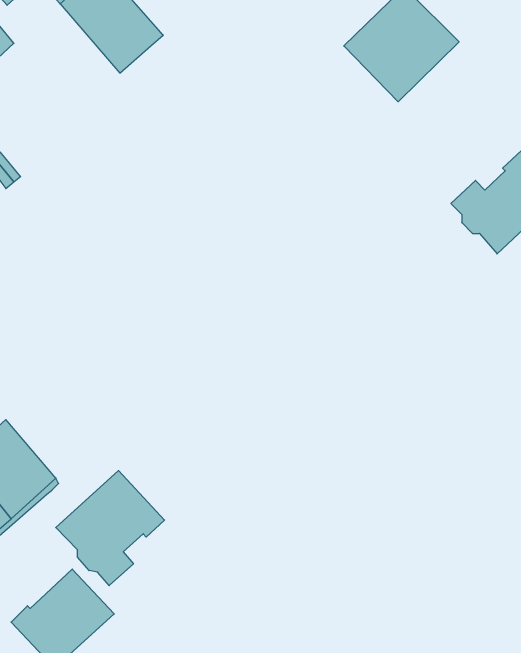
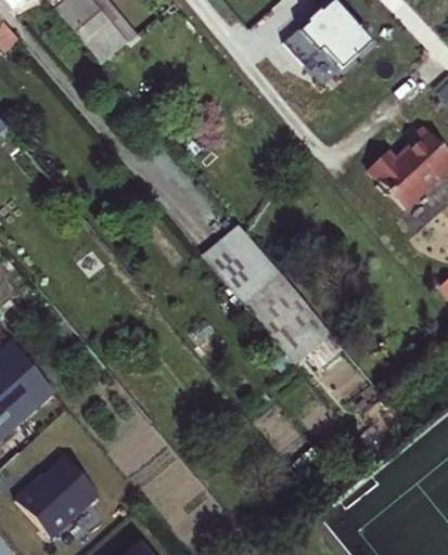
building: none -> [204,224,332,362]
building: [56,471,165,586] -> none

